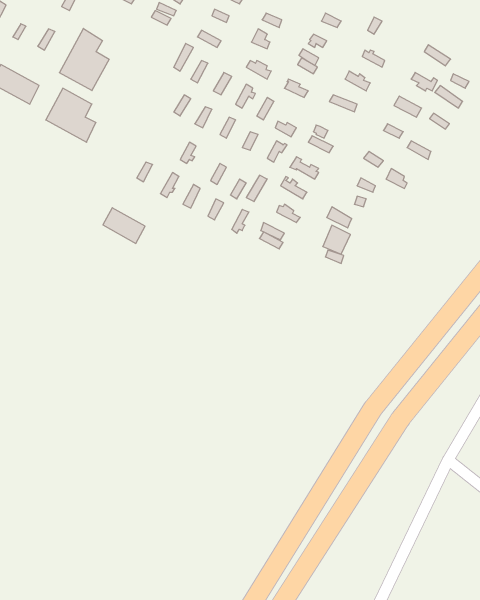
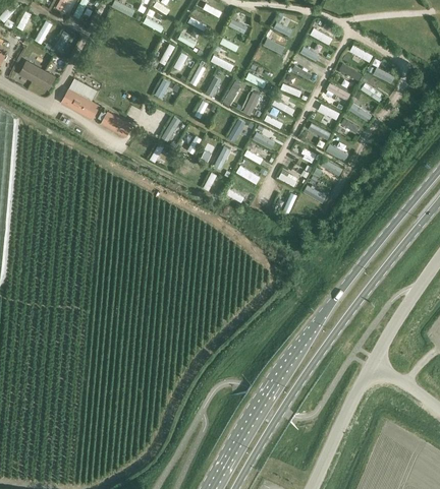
building: [59,28,109,91] -> none
building: [103,208,145,243] -> [100,111,132,138]

